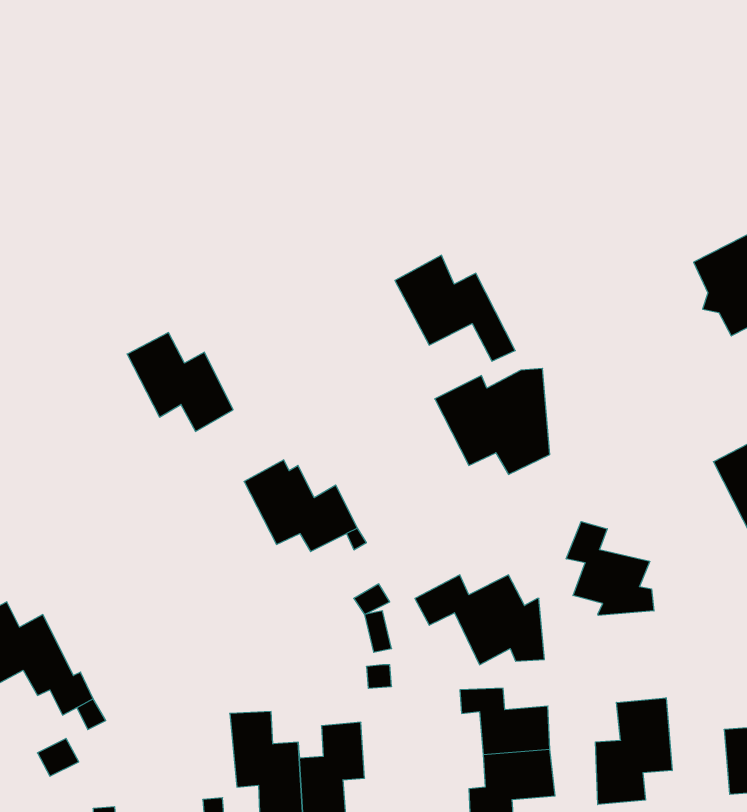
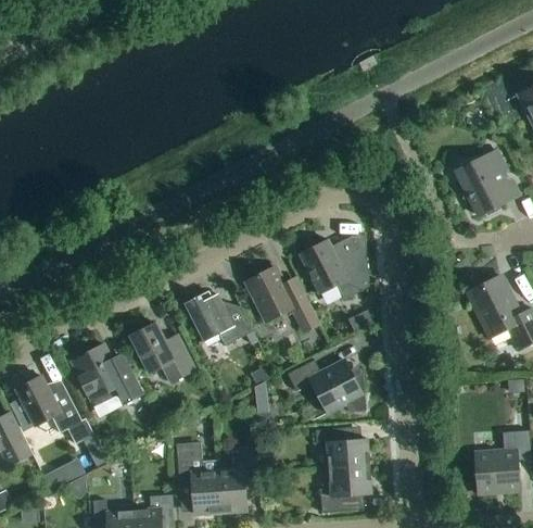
building: [395,255,515,361] -> [245,266,318,330]
building: [127,333,233,431] -> [129,323,193,382]
building: [566,522,654,615] -> none
building: none -> [69,344,142,406]
building: [596,698,672,805] -> none

